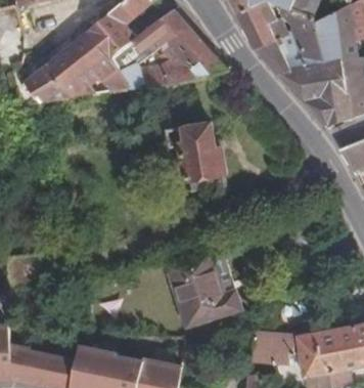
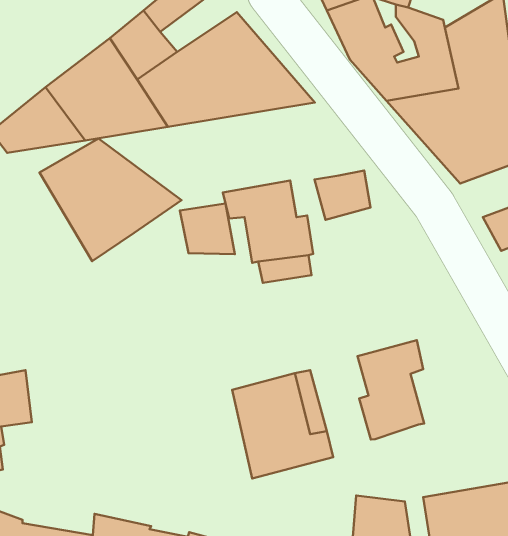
building: none -> [39,138,182,261]
building: none -> [315,171,371,220]
building: none -> [180,203,235,254]
building: none -> [358,340,424,440]

